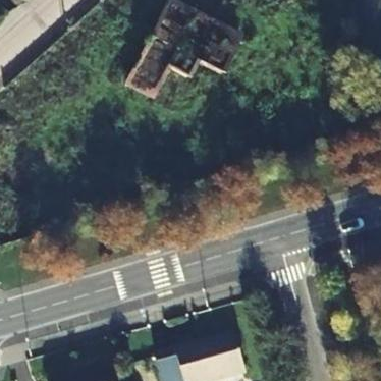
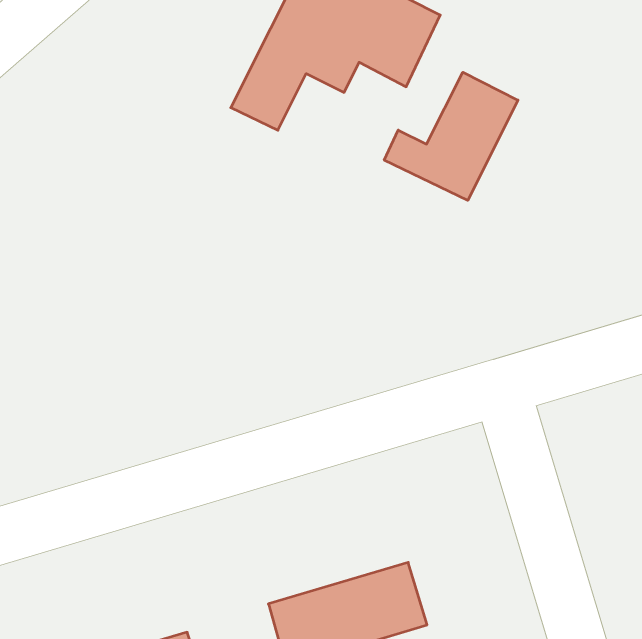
building: none -> [384,72,518,200]

